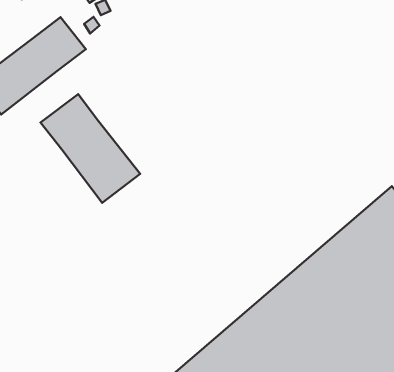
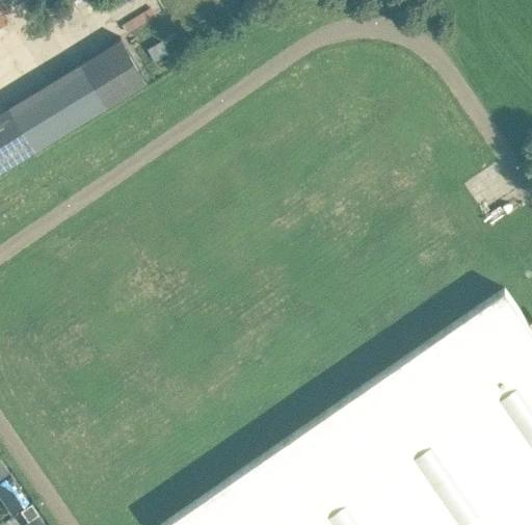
building: [40,94,140,203] -> none

